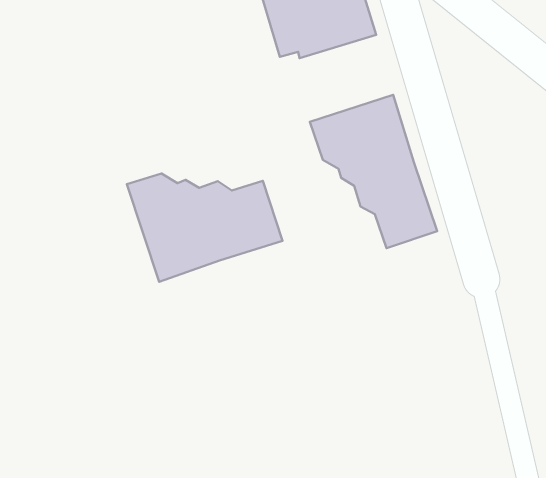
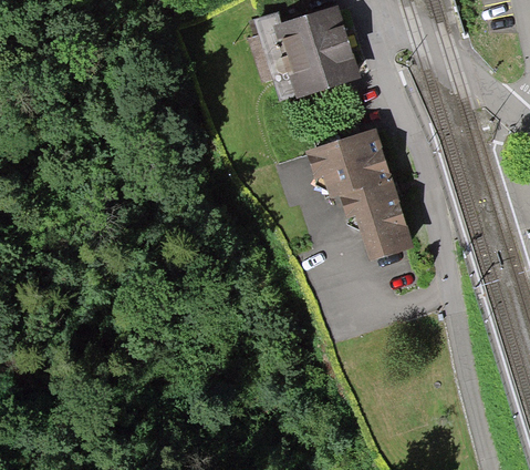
building: [127,173,282,282] -> none

